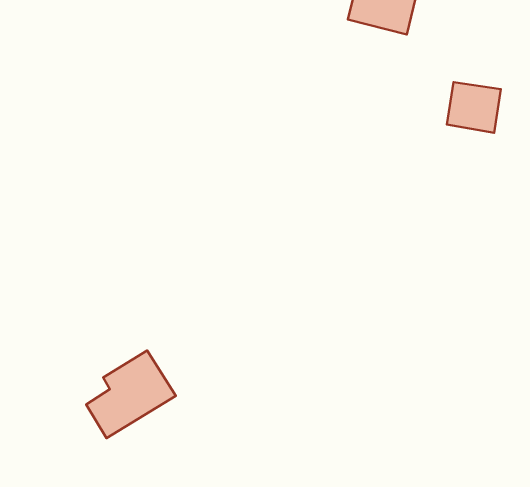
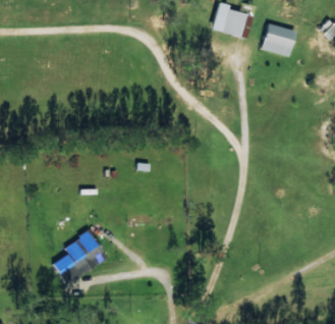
building: [447,82,501,133] -> [263,25,295,56]

